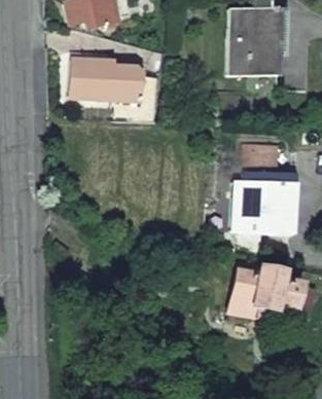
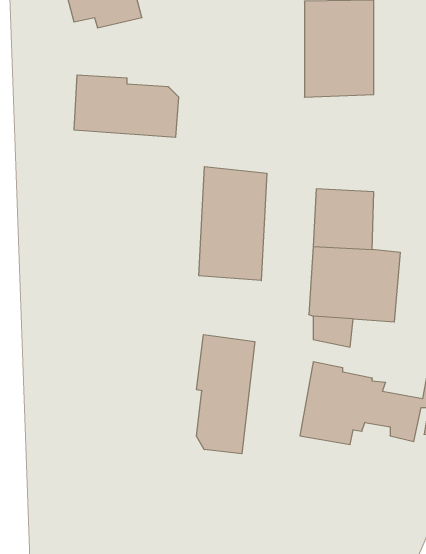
building: none -> [199,167,267,281]
building: none -> [197,335,255,454]

